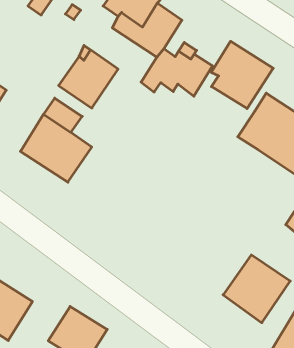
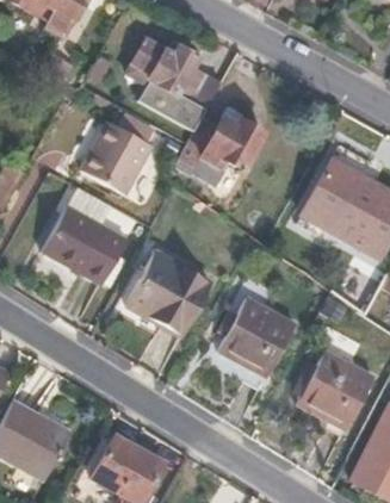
building: [211,41,273,109] -> none
building: none -> [125,252,212,335]
building: none -> [221,298,298,377]

